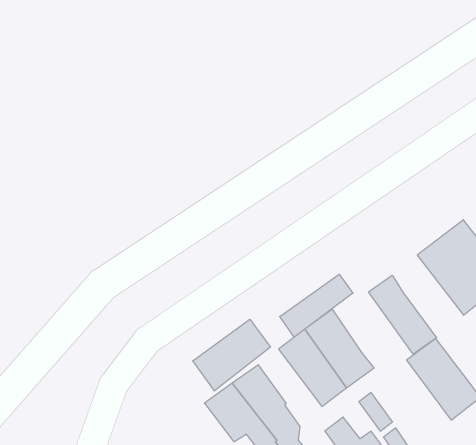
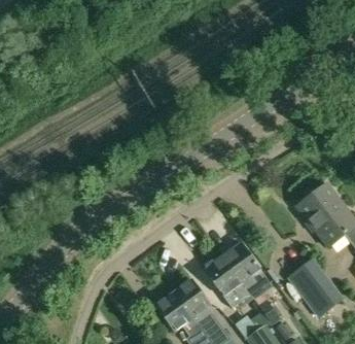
building: [280,274,353,337] -> none
building: [369,275,437,354] -> none
building: [193,319,270,391] -> none

